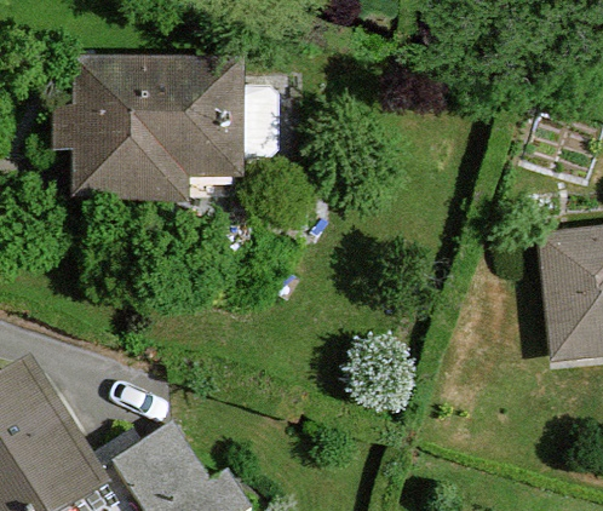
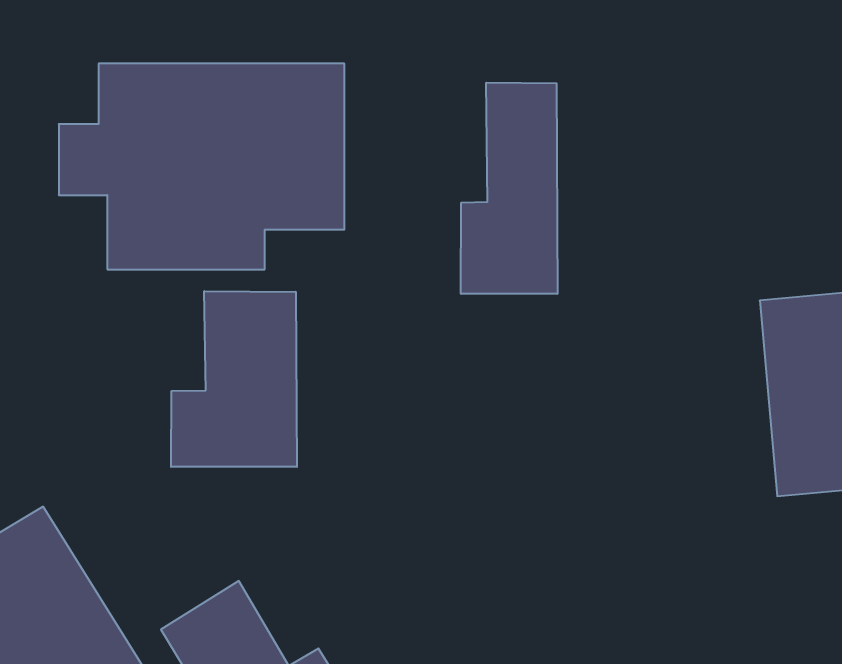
building: none -> [461,83,557,294]
building: none -> [171,291,297,467]

